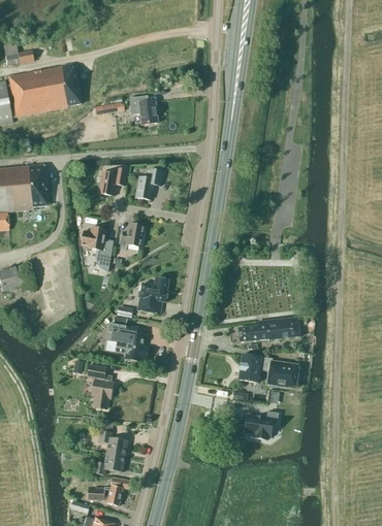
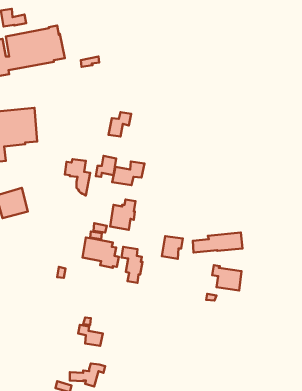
building: [129,96,158,124] -> none
building: [98,168,127,195] -> none
building: none -> [112,162,144,185]
building: [238,354,264,382] -> [162,236,183,259]
building: [87,363,113,407] -> [122,247,143,283]
building: [247,408,279,436] -> none
building: [93,453,125,474] -> none

